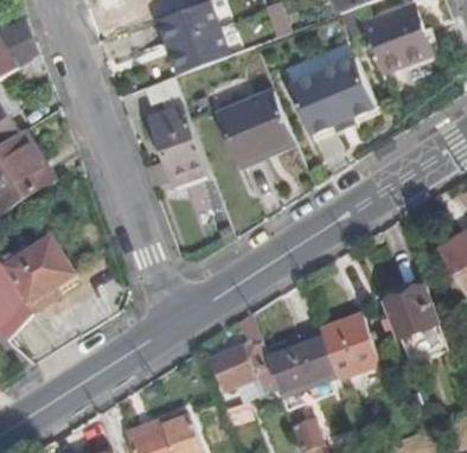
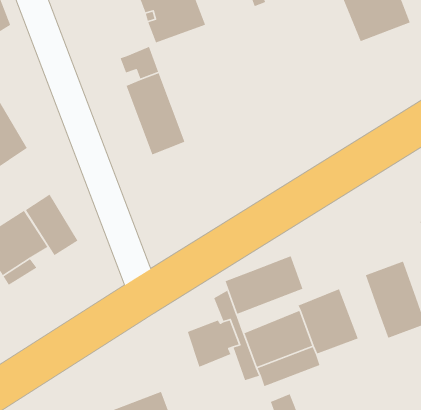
building: [288,55,371,129] -> none
building: [219,90,294,166] -> none
building: none -> [25,194,78,256]
building: none -> [225,255,304,315]

